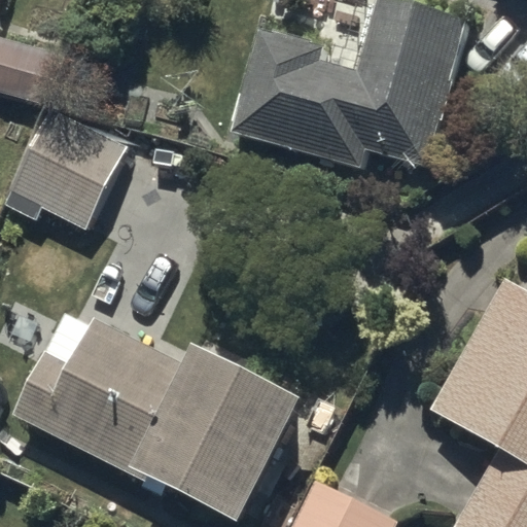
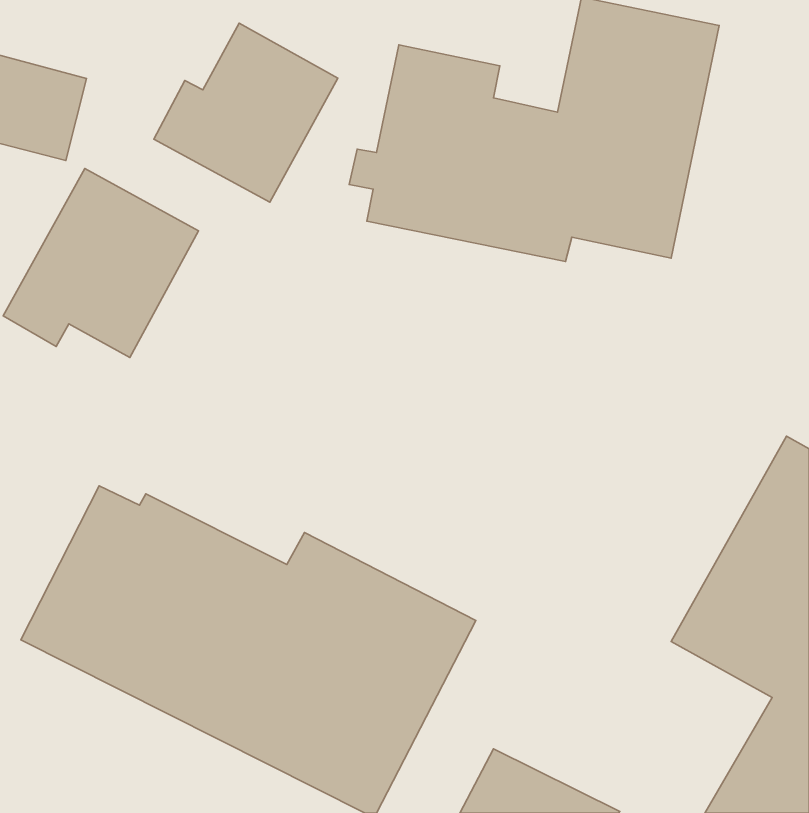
building: none -> [154,23,338,202]

